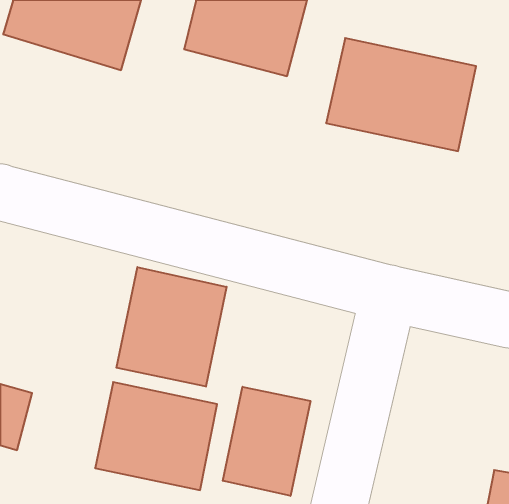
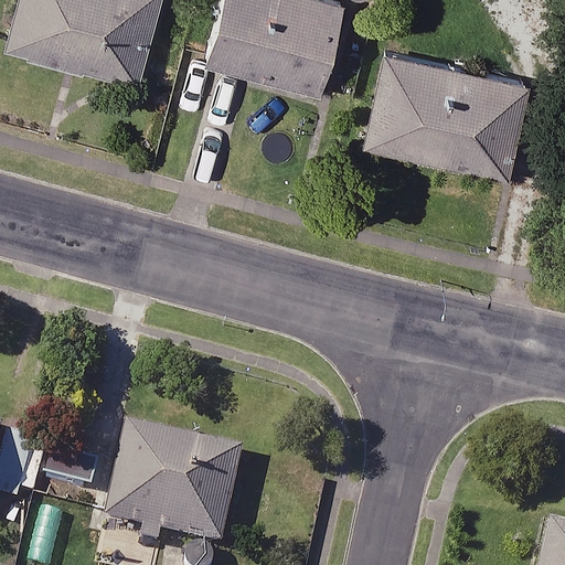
building: [116,267,227,387] -> none
building: [223,387,310,496] -> none

